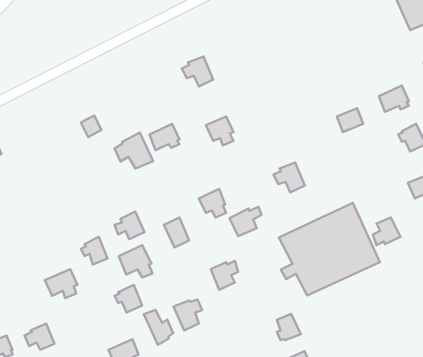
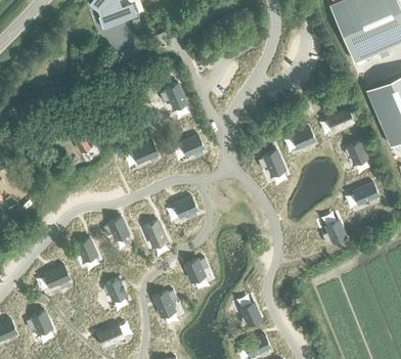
building: [114,132,153,169] -> none
building: [273,163,305,193] -> [258,150,284,176]
building: [279,203,380,296] -> none
building: [230,207,261,236] -> none
building: [119,245,152,278] -> none
building: [144,310,173,345] -> none

